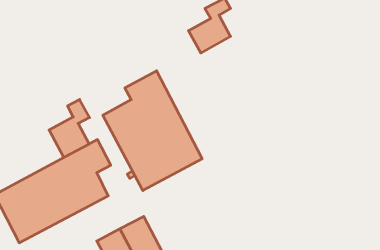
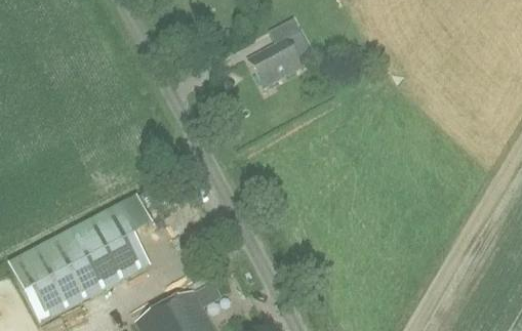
building: [103,71,202,191] -> none
building: [49,99,90,158] -> none

